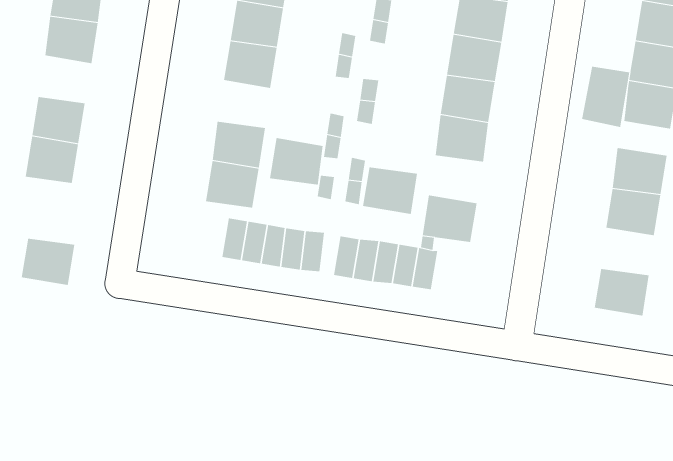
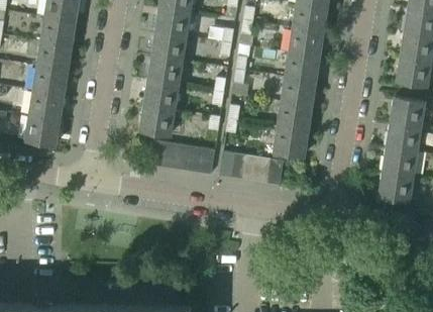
building: none -> [37,43,71,73]
building: [582,66,630,128] -> none
building: [269,138,323,185] -> [147,59,181,88]
building: [362,167,418,214] -> [278,105,312,134]
building: none -> [384,149,417,179]
building: [21,238,75,286] -> [25,118,59,147]

